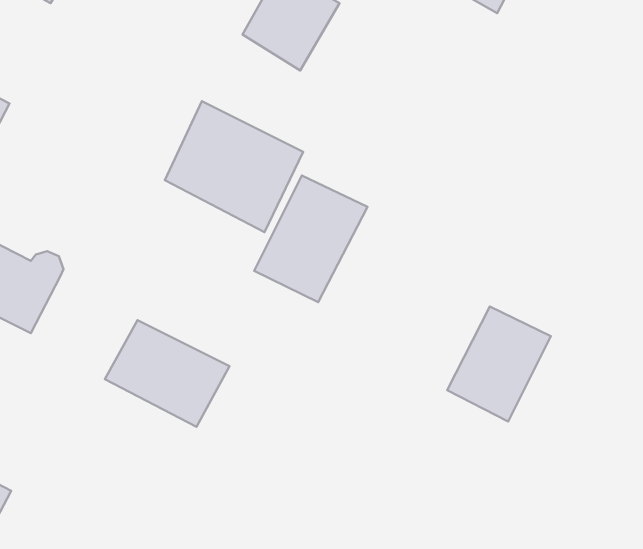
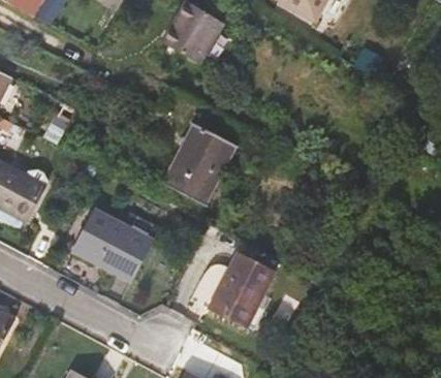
building: [165,101,303,232] -> none
building: [447,307,551,422] -> [210,253,275,325]

